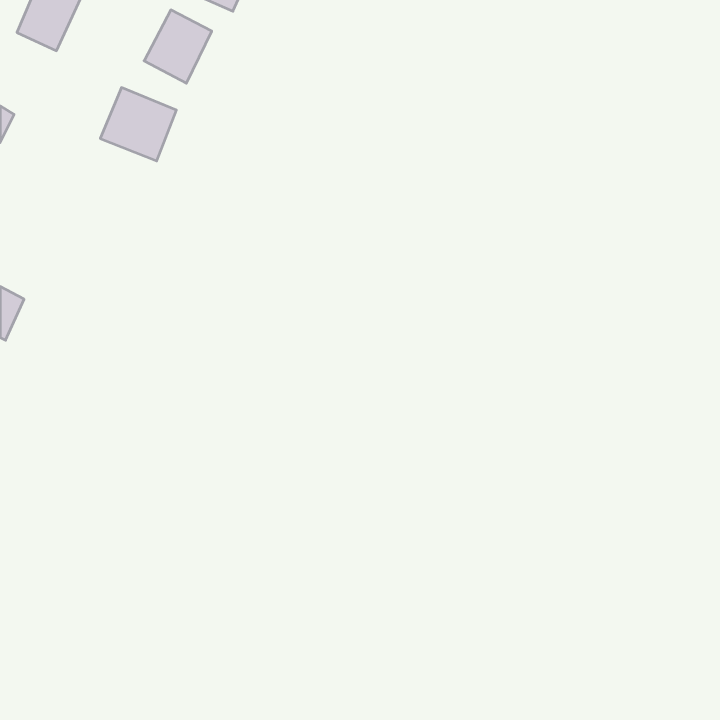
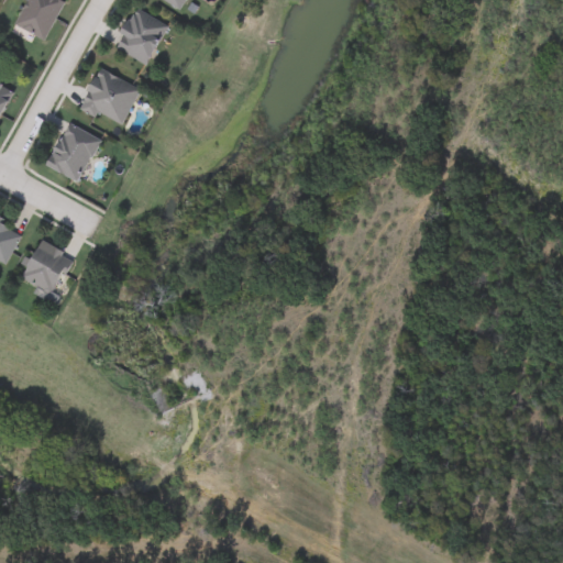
building: none -> [46,122,98,180]
building: none -> [21,241,70,294]

